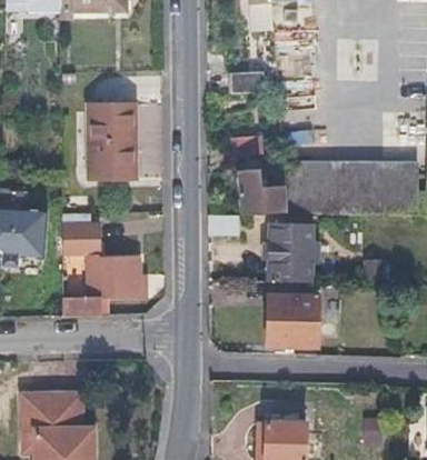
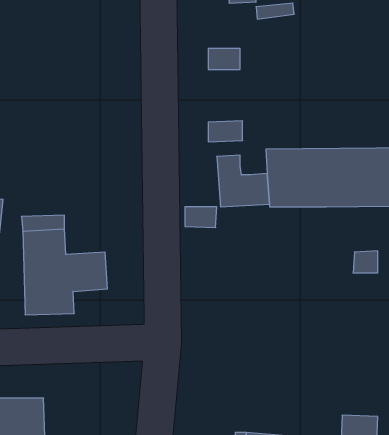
building: [86,103,131,176] -> none
building: [268,224,319,278] -> none
building: [267,292,318,344] -> none

